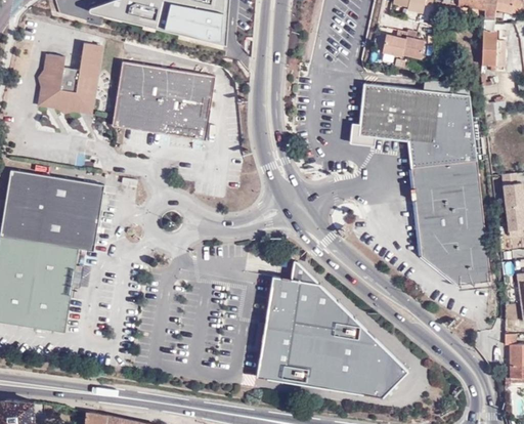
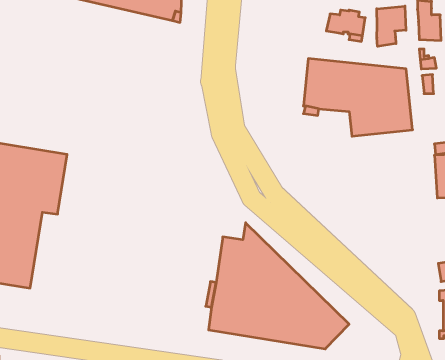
building: none -> [377,6,406,46]
building: [39,45,101,112] -> none
building: [112,62,216,140] -> none
building: [410,161,490,285] -> none

